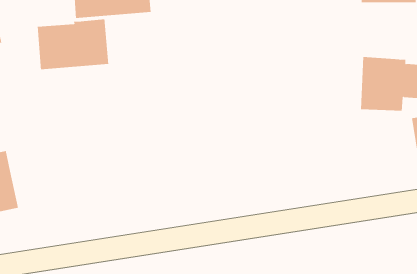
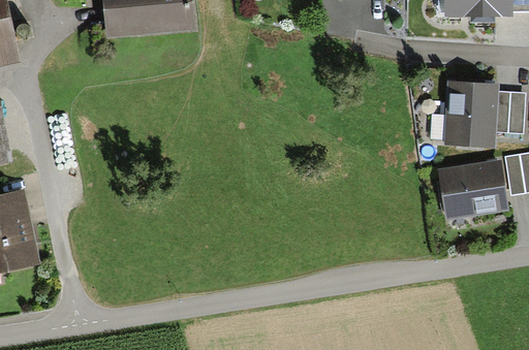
building: [37,19,109,70] -> none
building: none -> [438,159,507,219]

